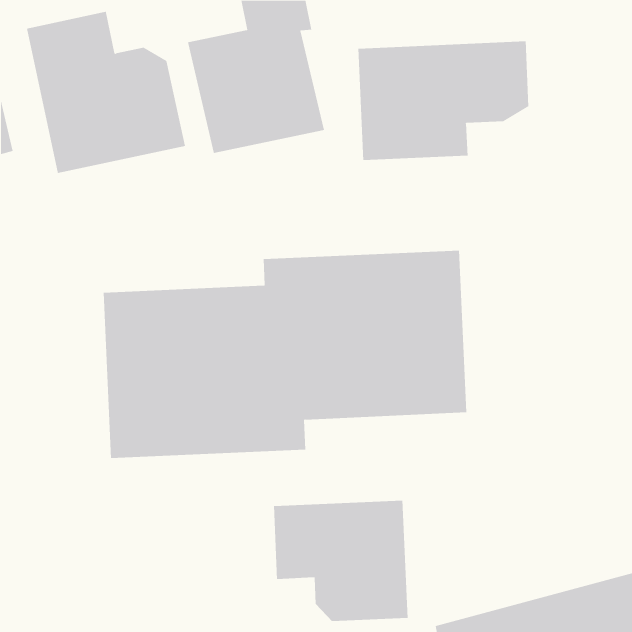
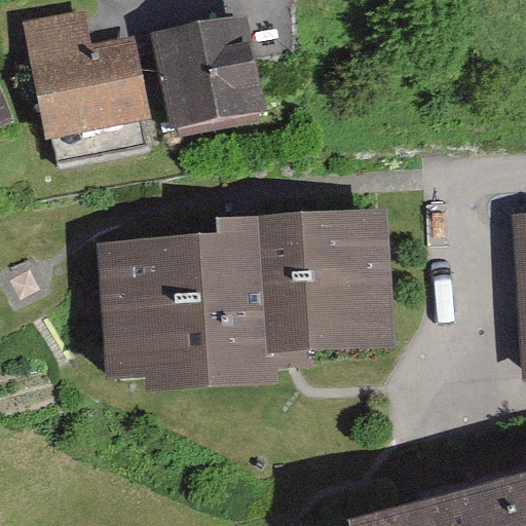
building: [358,40,529,161] -> none
building: [273,500,408,622] -> none

